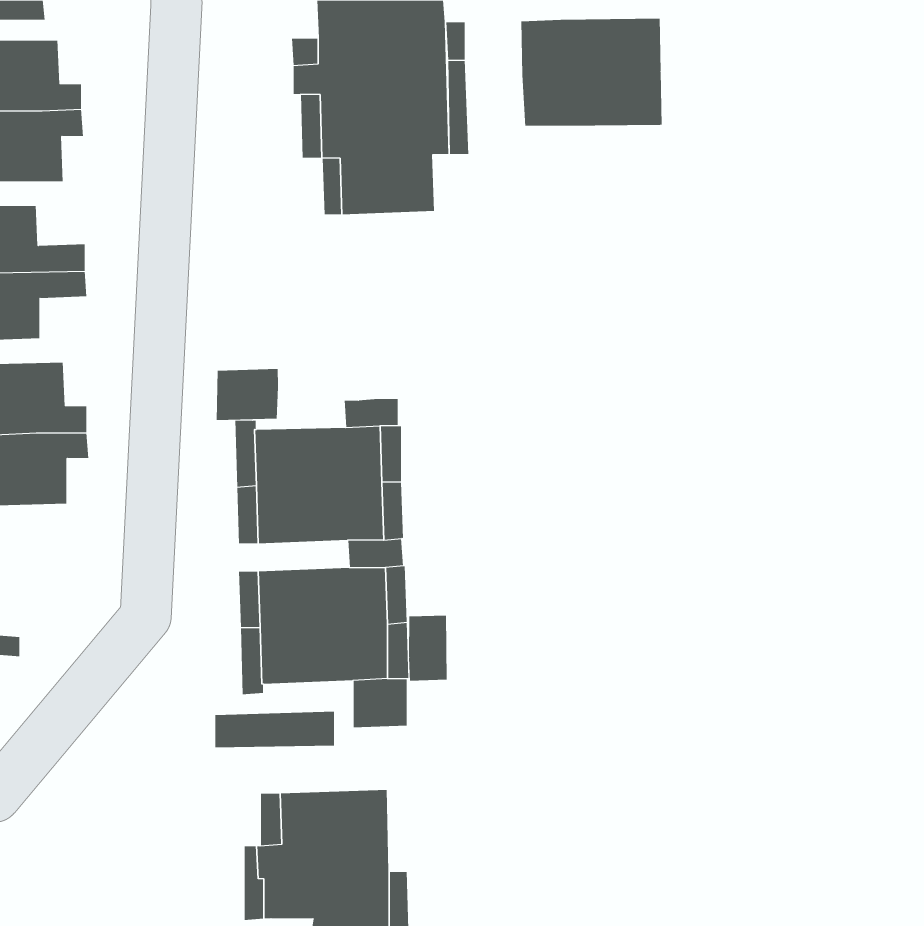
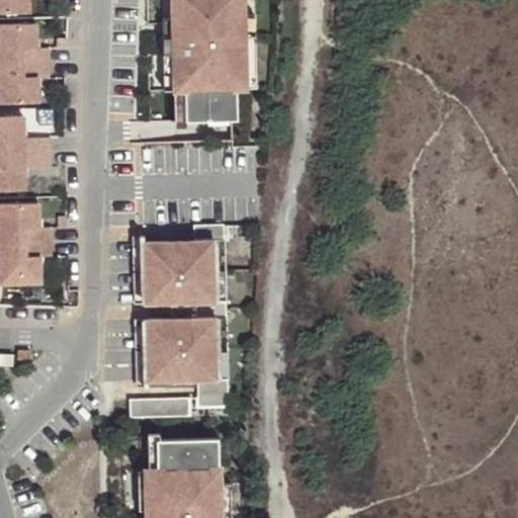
building: [521,18,662,127] -> none
building: [216,368,279,421] -> none
building: [409,615,447,681] -> none

